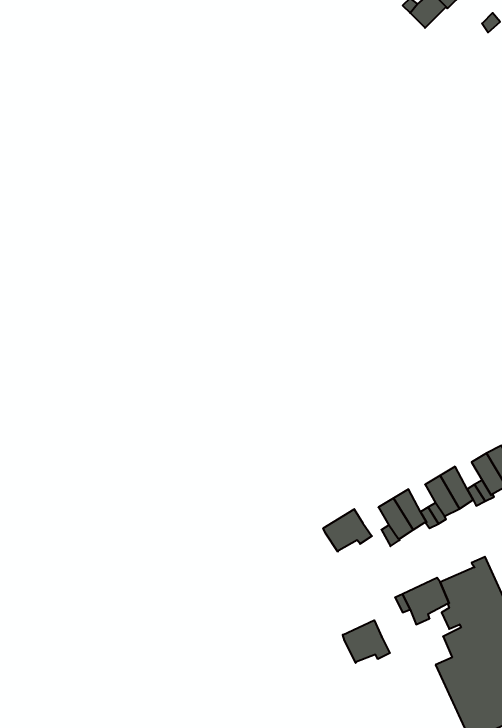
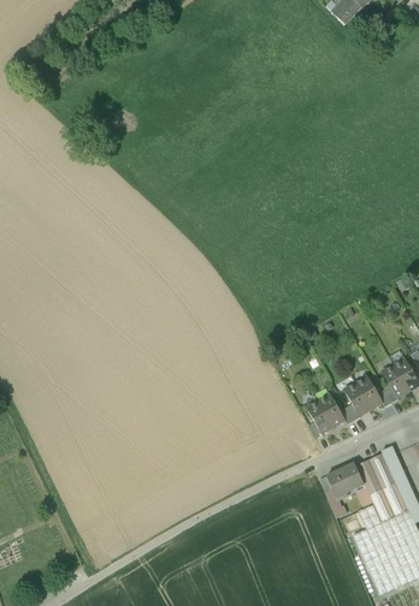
building: [323,509,372,552] -> none
building: [343,620,390,663] -> none

